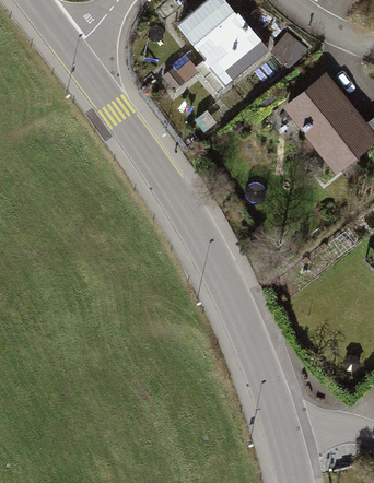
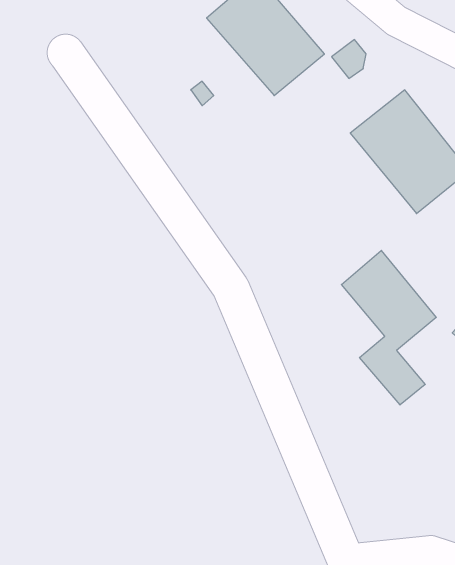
building: none -> [341,250,436,405]

